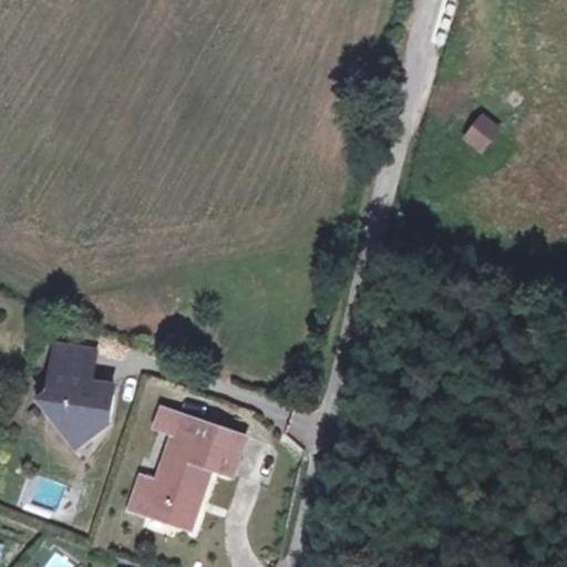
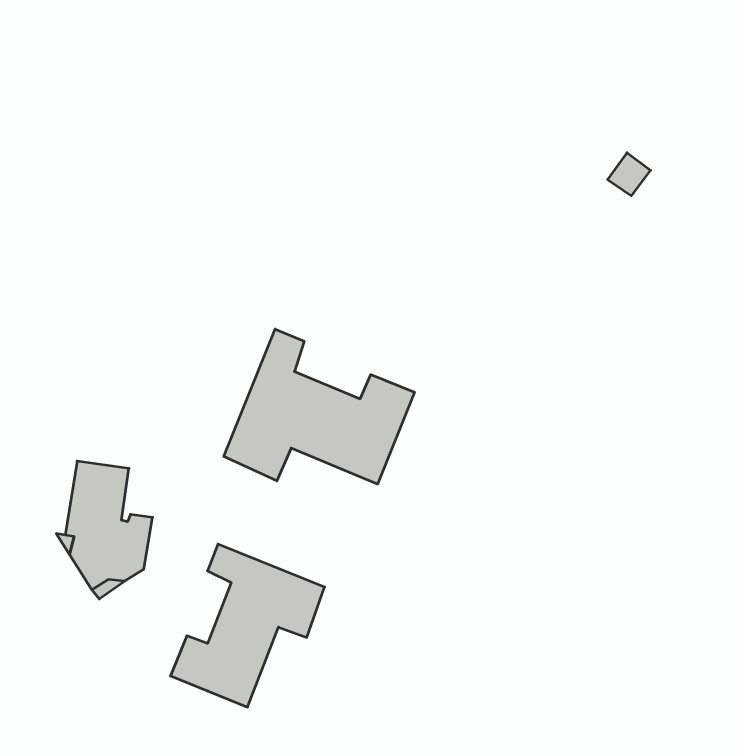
building: none -> [224,329,414,484]

